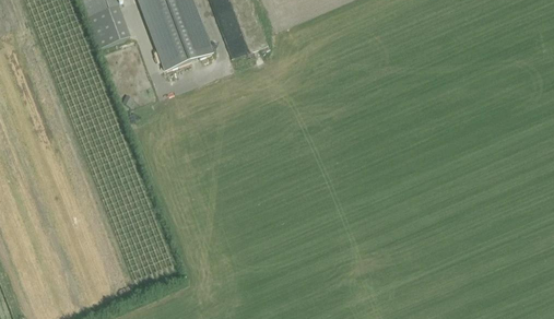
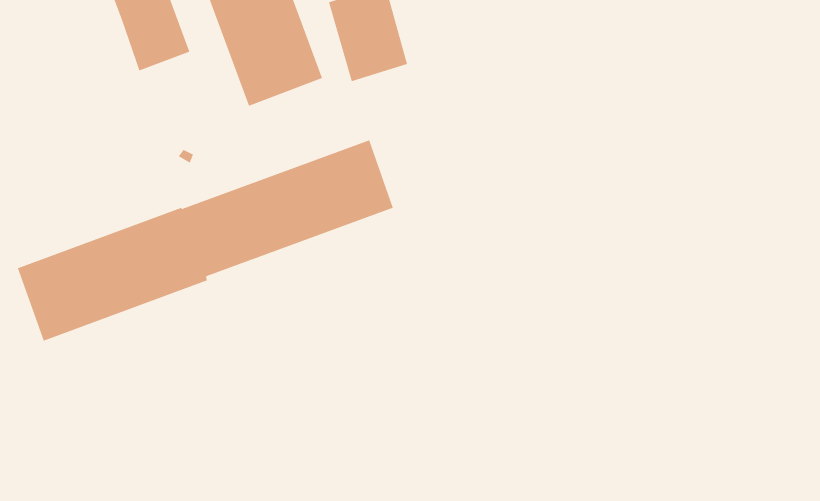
building: none -> [17,140,394,341]

